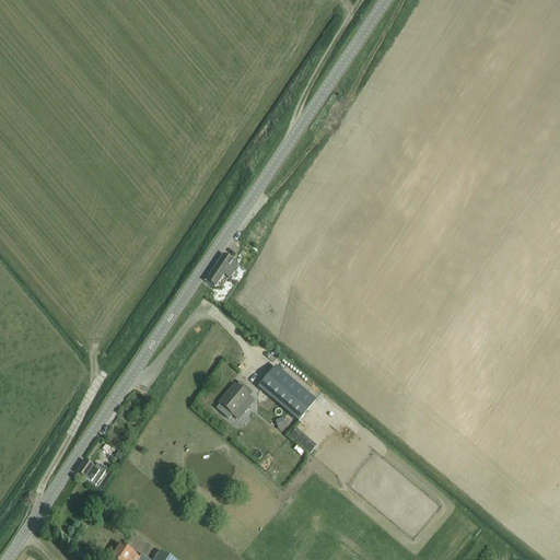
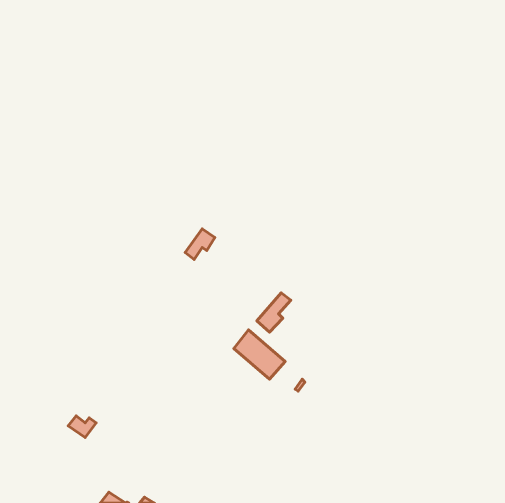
building: none -> [257,293,291,332]
building: [218,380,254,417] -> none

